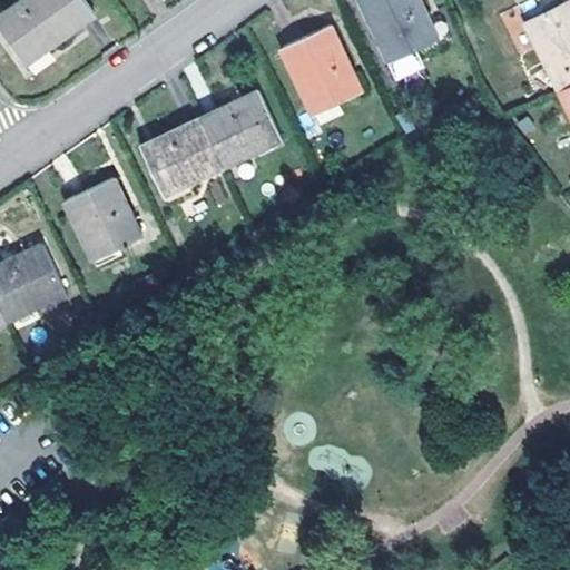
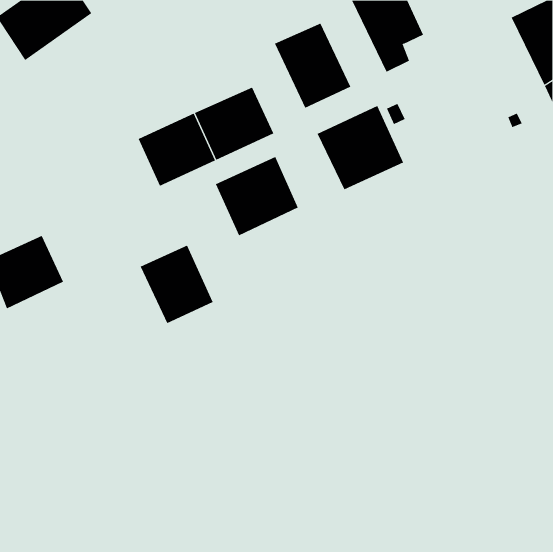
building: none -> [317,105,404,190]
building: none -> [215,156,298,236]
building: [65,178,140,259] -> [140,245,214,324]

